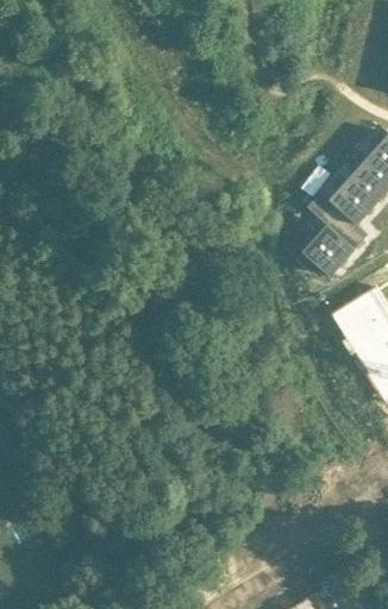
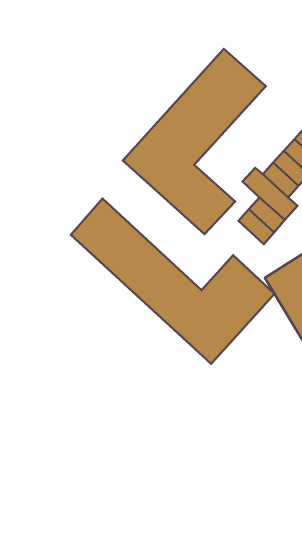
building: none -> [123,49,266,234]
building: none -> [71,199,274,364]

